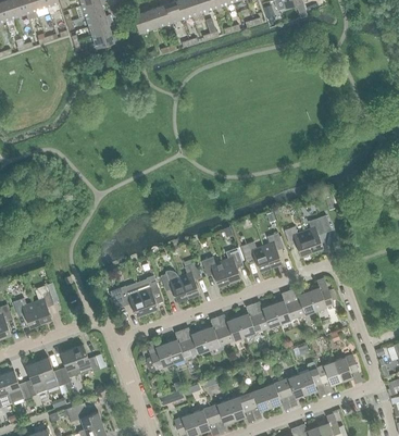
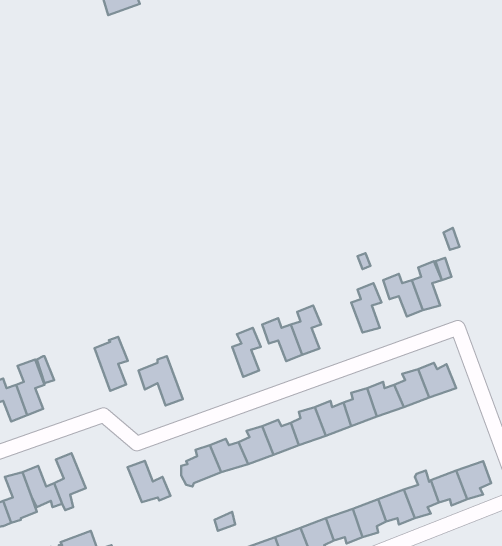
building: [240,241,270,271] -> none
building: [160,270,188,301] -> none
building: [136,275,159,312] -> [94,337,128,391]
building: [71,345,100,373] -> [128,461,170,502]

